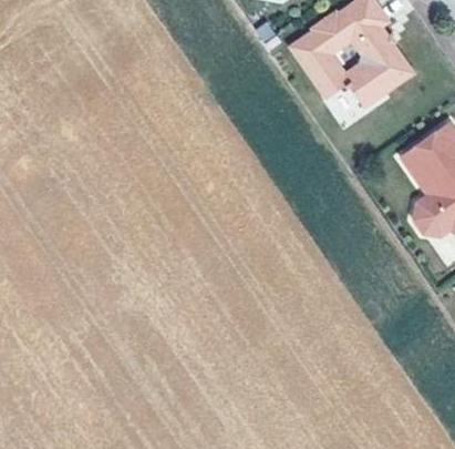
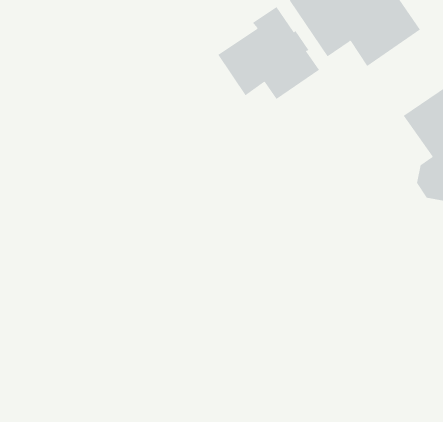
building: none -> [218,6,320,100]

